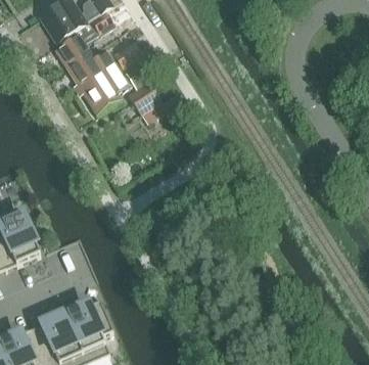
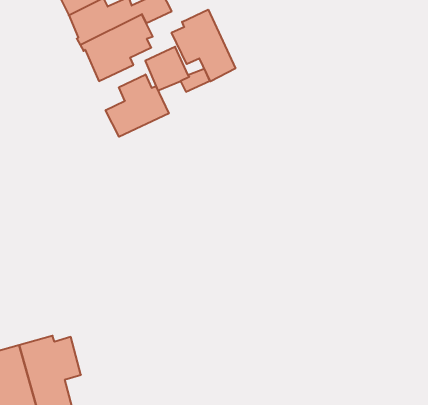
building: none -> [172,10,235,81]
building: none -> [106,74,169,137]

